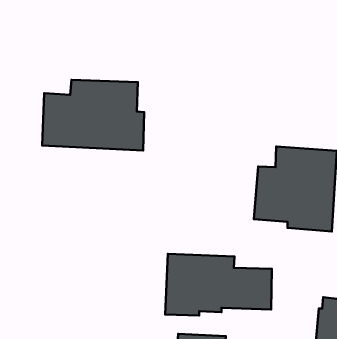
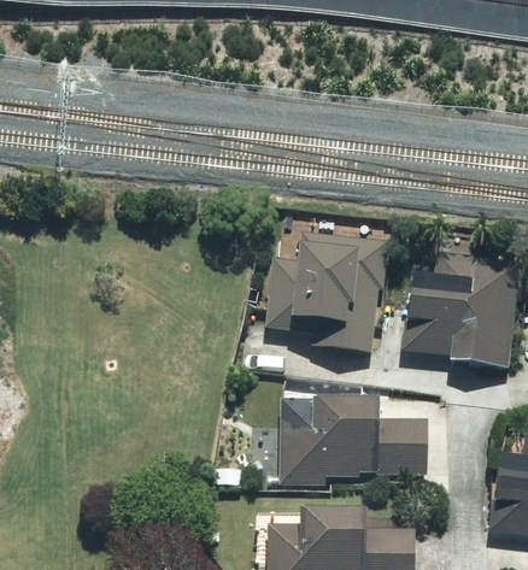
building: [42,80,144,150] -> none
building: none -> [269,237,386,353]

